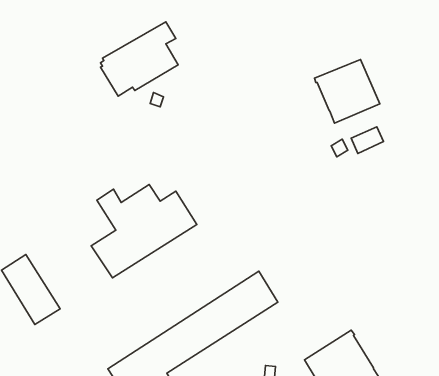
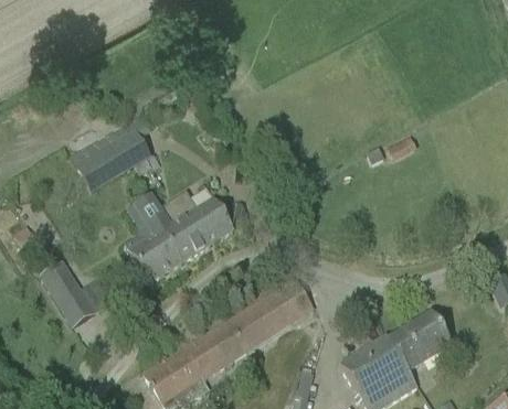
building: [100,22,178,96] -> [74,114,151,187]
building: [315,60,380,123] -> none
building: none -> [390,313,453,372]

